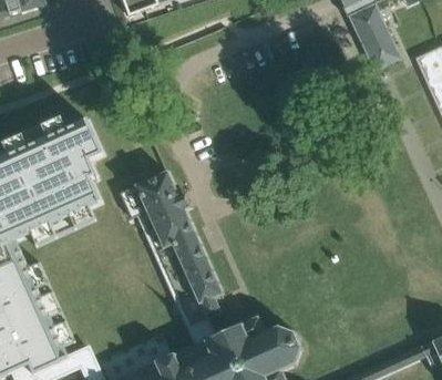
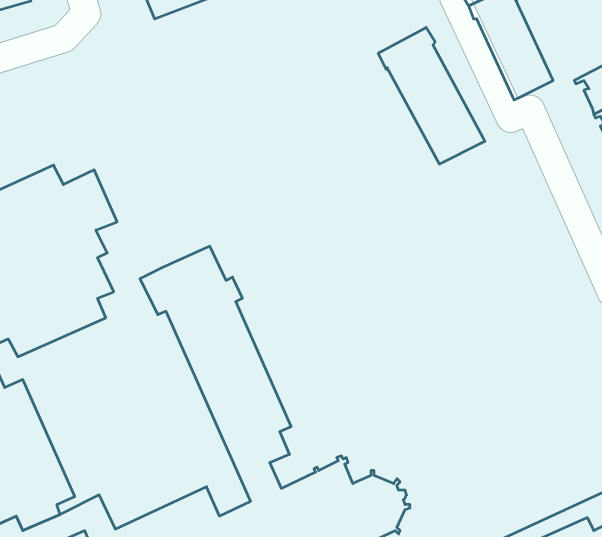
building: none -> [378,27,485,164]

